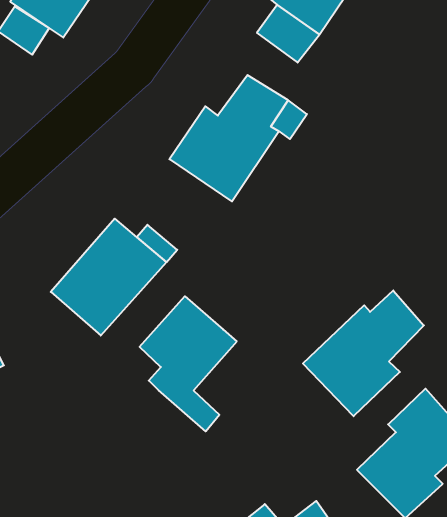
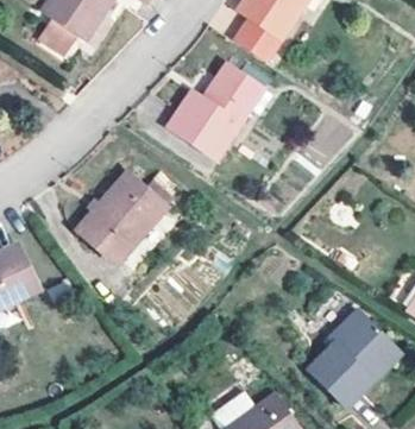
building: [303,290,424,416] -> none
building: [140,296,237,431] -> none

